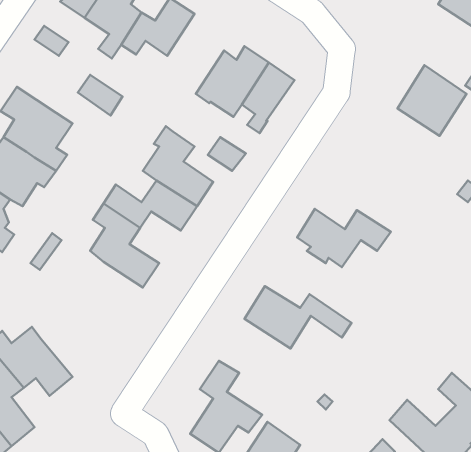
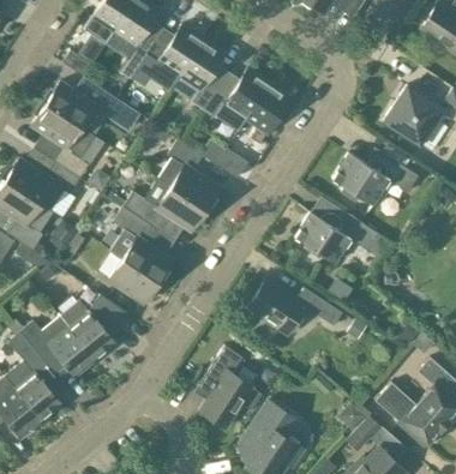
building: none -> [170,40,229,110]
building: none -> [46,83,95,127]
building: none -> [331,149,418,206]
building: none -> [108,259,157,304]
building: none -> [59,294,128,361]

